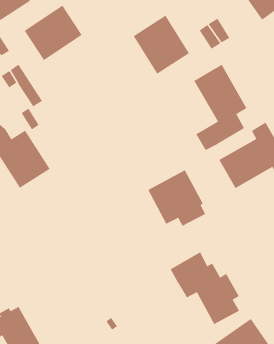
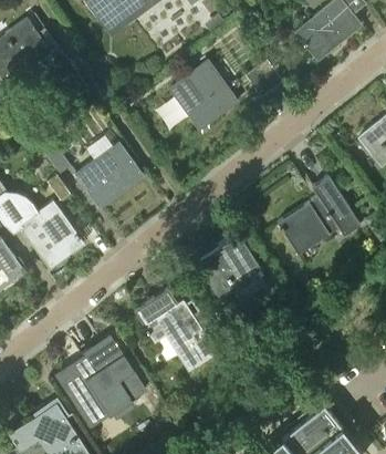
building: [24,5,82,61] -> [75,143,143,208]
building: [193,64,247,151] -> none
building: [170,252,240,325] -> [134,289,217,372]
building: none -> [70,340,136,420]

